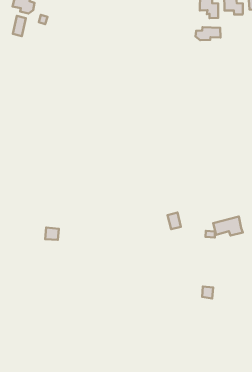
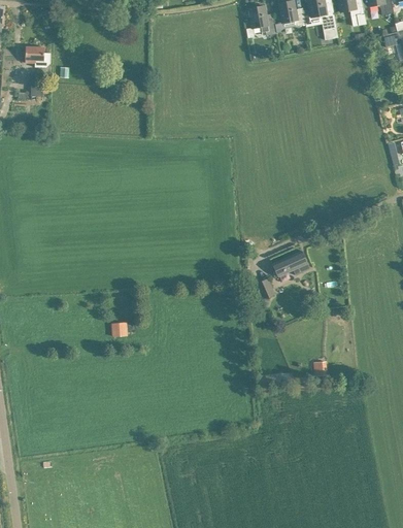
building: [196,27,220,40] -> none
building: [213,217,243,236] -> [271,250,309,276]

